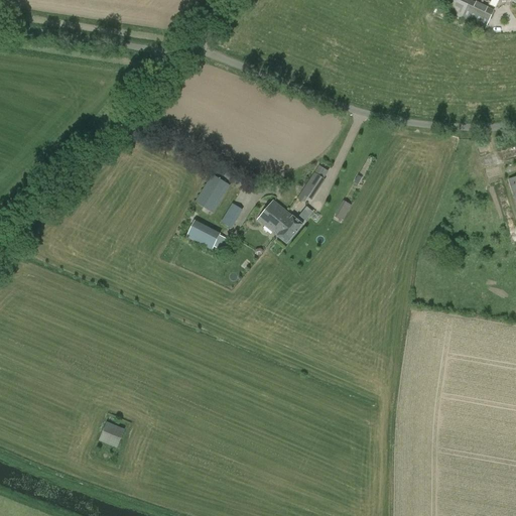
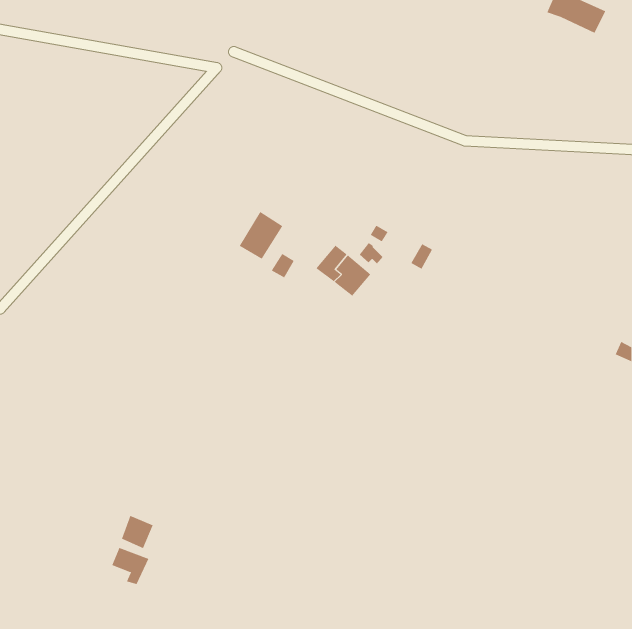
building: [185,218,226,247] -> none
building: none -> [111,547,149,585]

